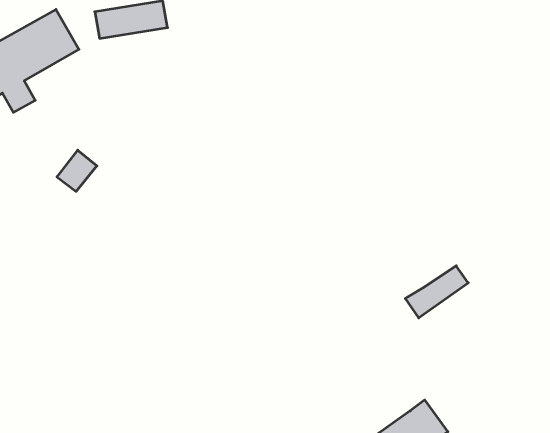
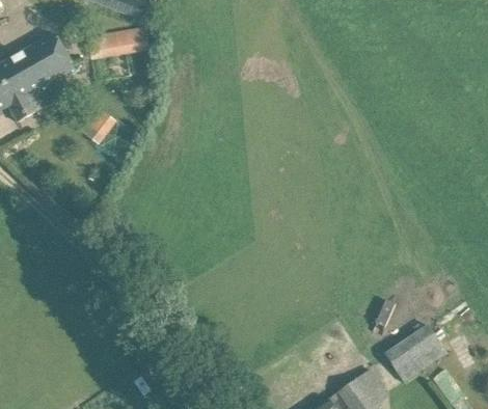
building: [57,150,97,191] -> [81,108,115,143]
building: [405,266,468,318] -> [385,326,439,371]

